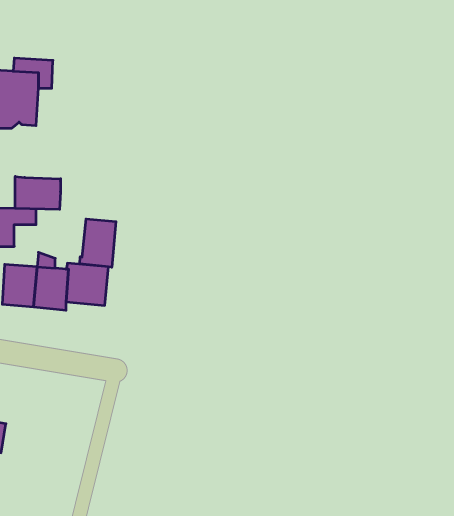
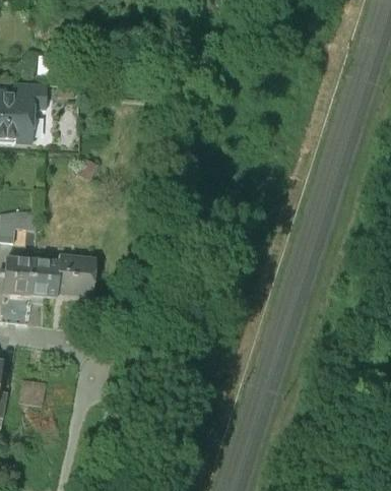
building: [15,176,61,209] -> none
building: [80,219,116,267] -> none

